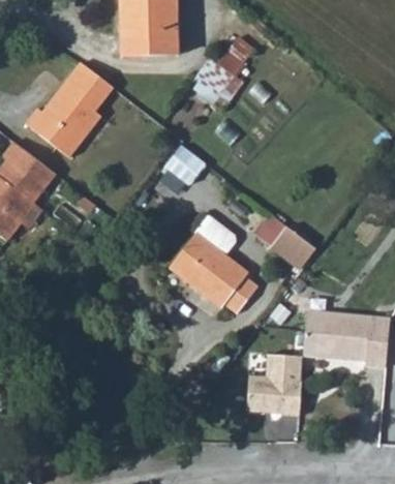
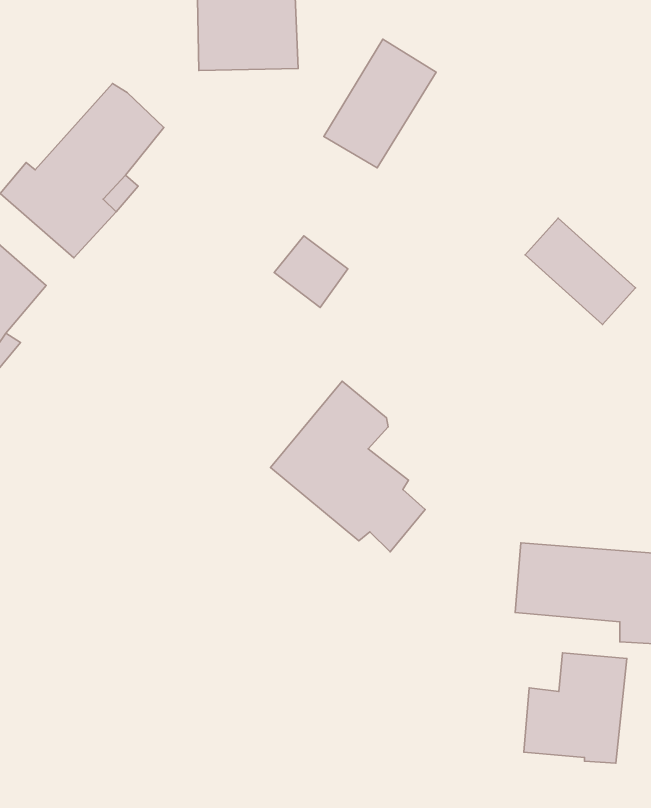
building: [257,210,320,270] -> [525,218,636,325]
building: [245,359,303,421] -> [524,653,627,763]

